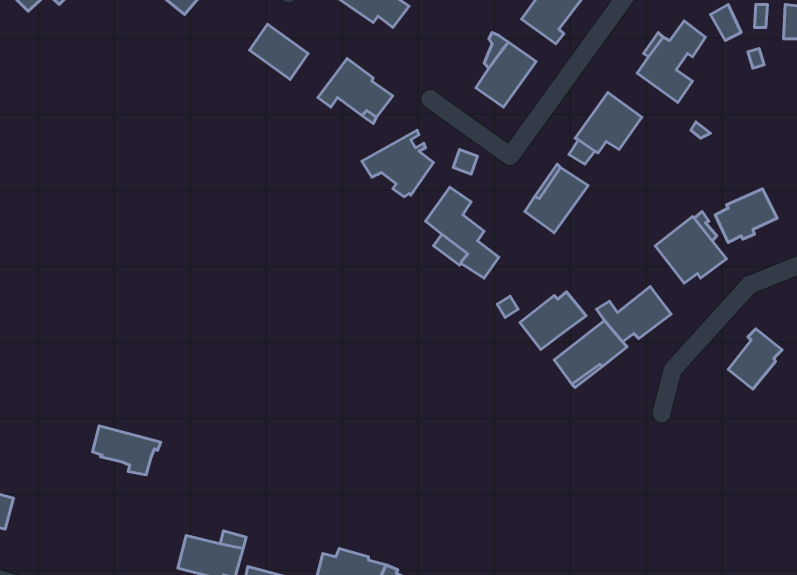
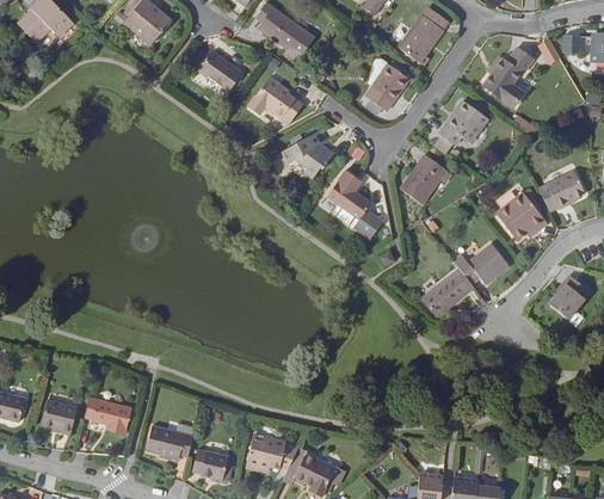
building: [520,292,586,349] -> none
building: [93,426,161,475] -> [86,398,136,433]
building: none -> [42,400,78,435]

